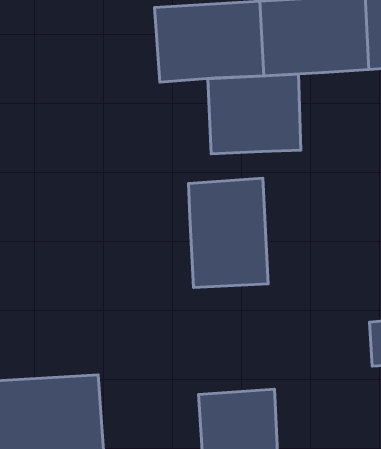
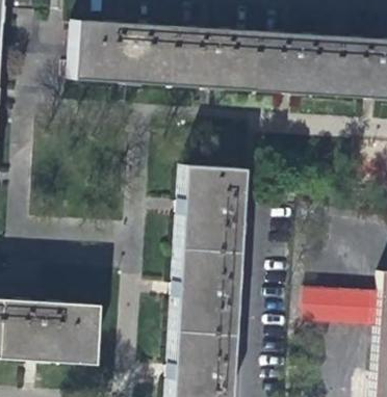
building: none -> [77,20,178,84]
building: [208,74,301,154] -> none
building: none -> [175,246,239,333]

